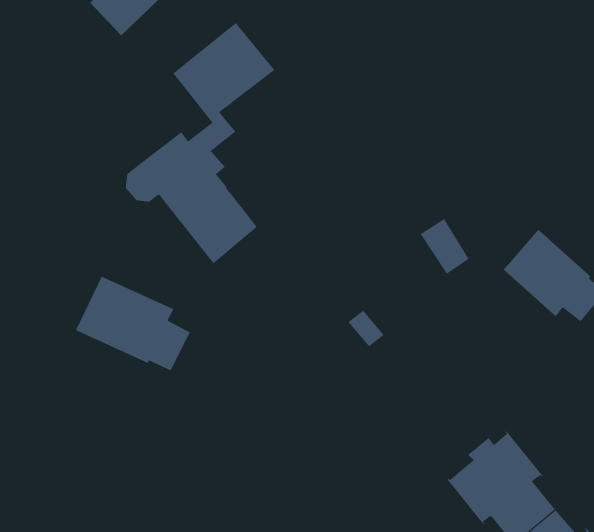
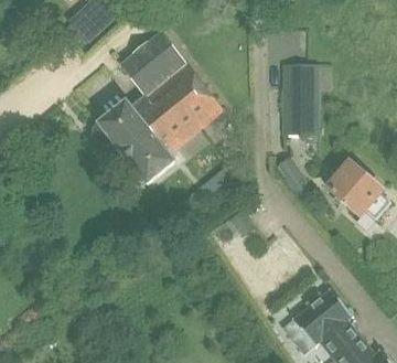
building: none -> [144,63,221,152]
building: none -> [280,65,320,136]
building: [75,276,191,371] -> none

